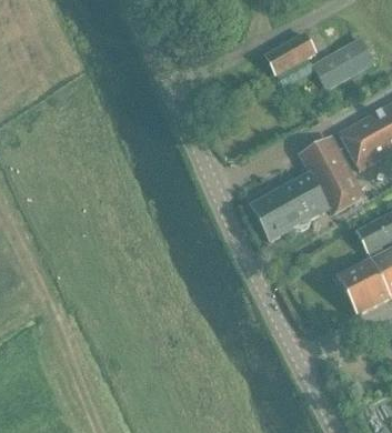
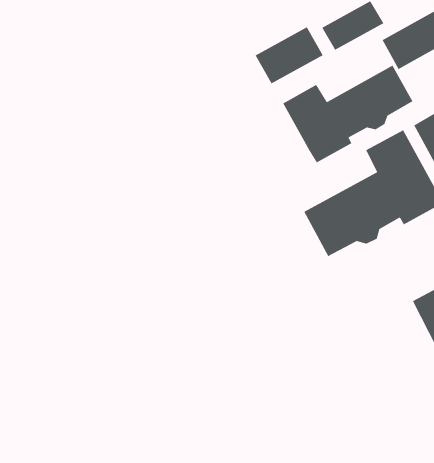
building: none -> [255,26,324,85]
building: none -> [282,64,414,163]

